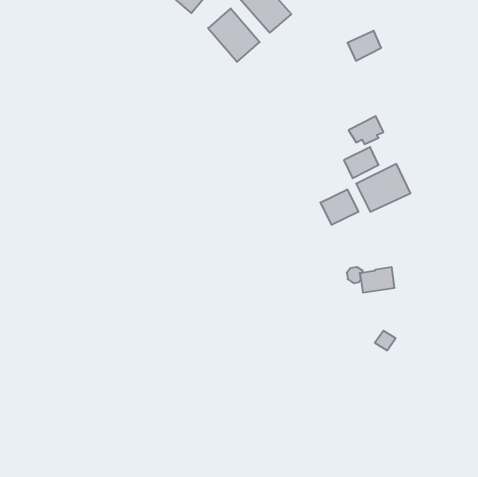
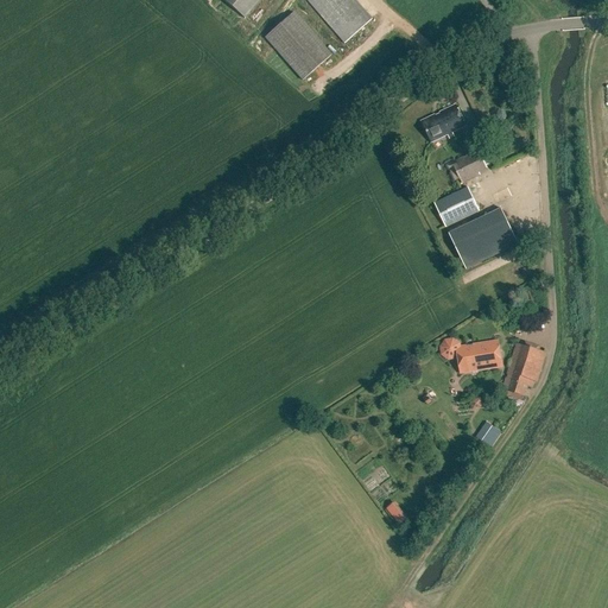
building: [347,31,381,61] -> [422,103,464,141]
building: [320,189,358,225] -> none
building: none -> [502,341,544,397]

